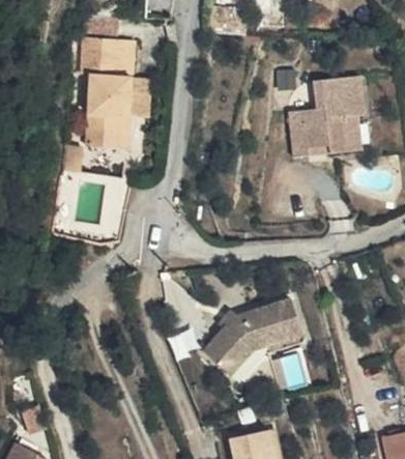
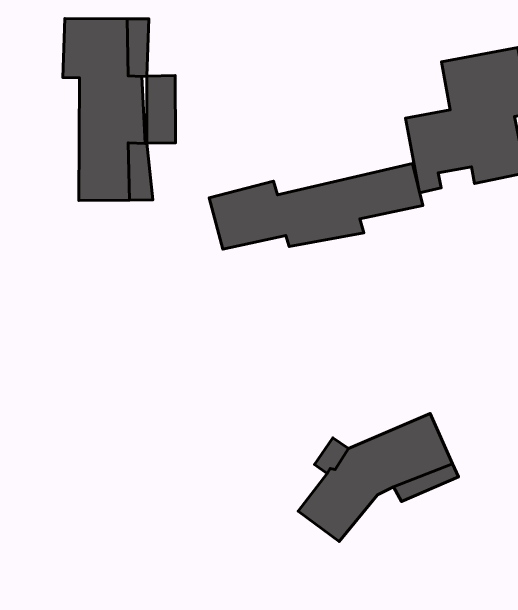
building: none -> [209,164,423,249]

